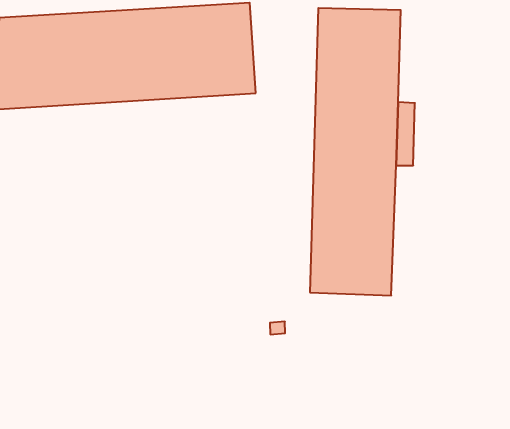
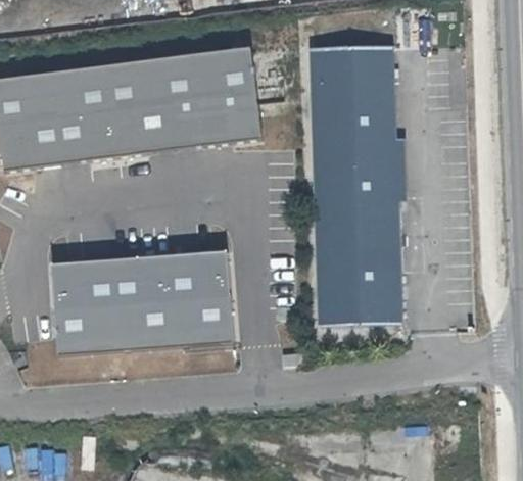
building: none -> [49,250,231,352]

